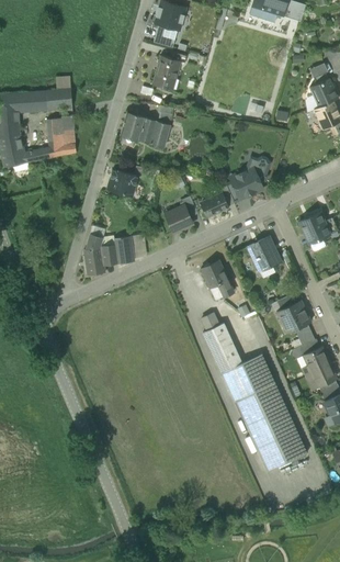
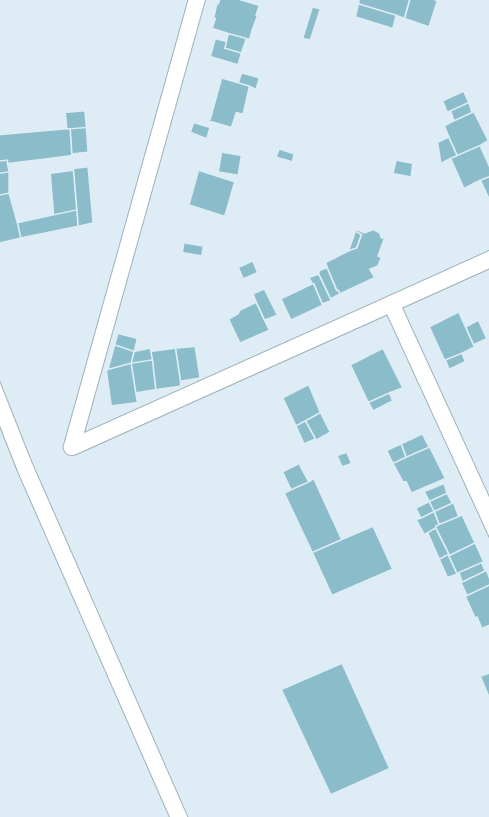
building: [121,112,146,140] -> none
building: [107,169,138,196] -> none
building: [235,383,307,471] -> [281,663,390,795]

